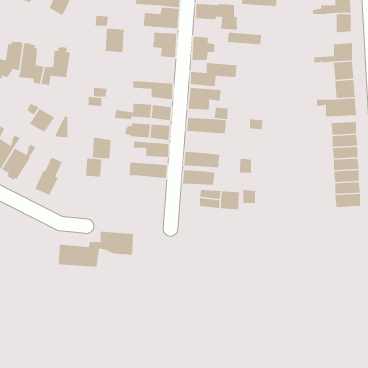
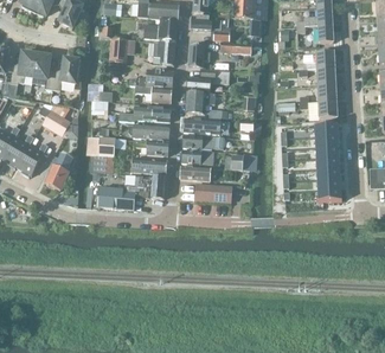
building: none -> [137,69,173,88]
building: none -> [181,134,225,152]
building: [58,231,134,267] -> [96,175,165,208]

